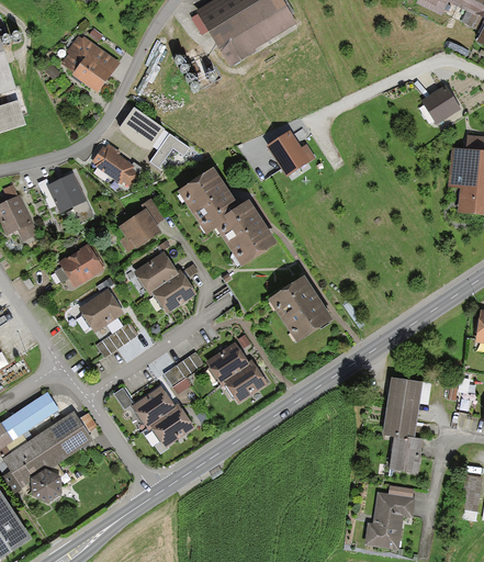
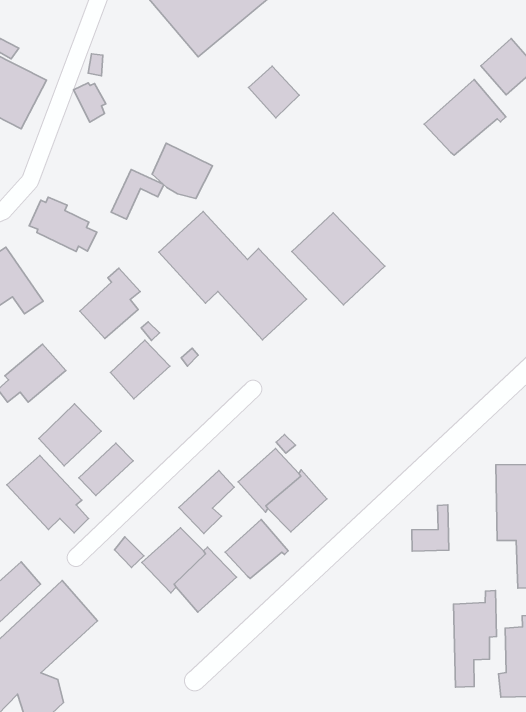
building: [122,106,165,148] -> [152,143,213,199]
building: none -> [424,79,506,155]
building: [272,133,306,169] -> [249,66,299,118]
building: [149,270,194,313] -> none
building: [273,279,336,344] -> [292,213,385,305]
building: none -> [7,456,89,533]
building: none -> [225,519,288,578]
building: none -> [412,505,449,551]
building: none -> [454,590,496,687]

